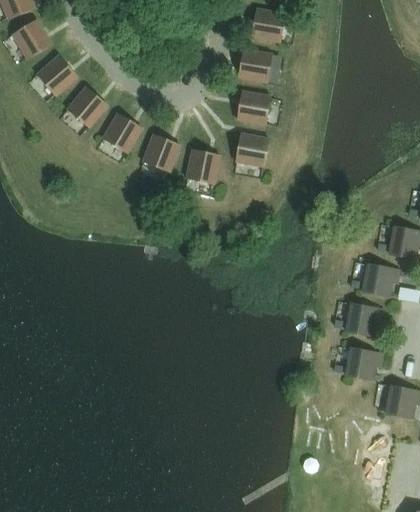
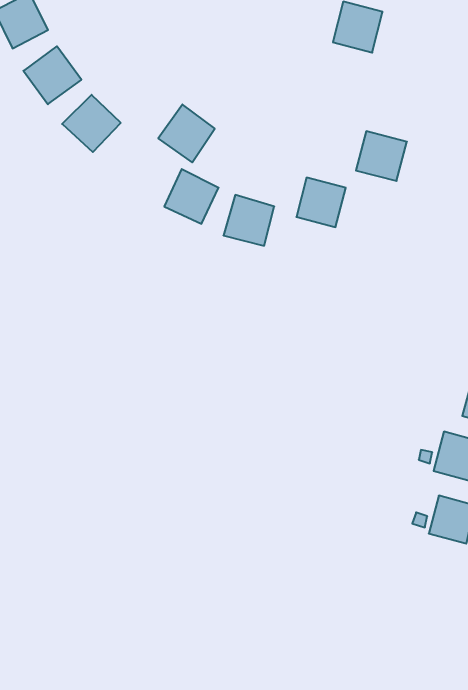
building: [238,49,271,82] -> none
building: [236,91,270,124] -> [356,131,407,181]
building: [102,113,141,153] -> [158,104,215,162]

